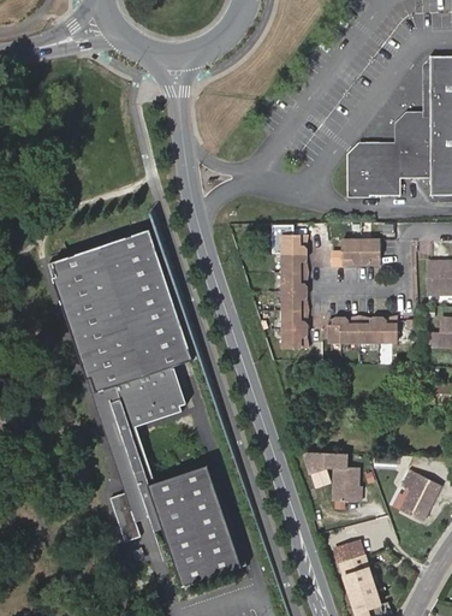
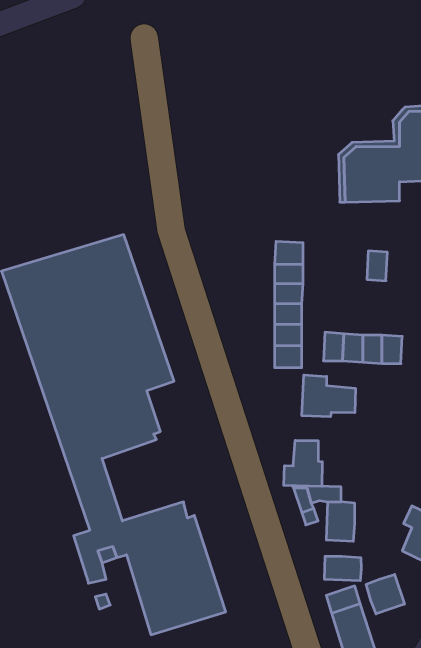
building: [349,242,370,268] -> none
building: none -> [302,375,355,417]
building: none -> [284,440,322,486]
building: none -> [325,556,361,581]
building: none -> [366,574,404,614]

